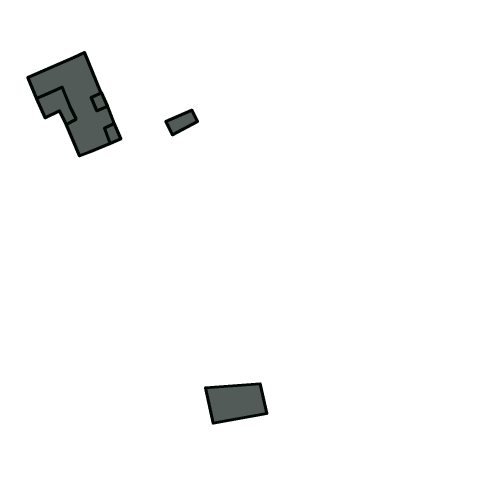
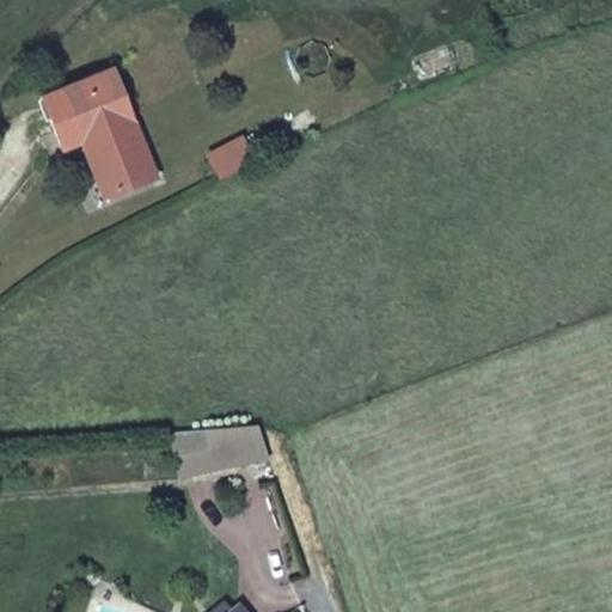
building: [205,384,267,423] -> [188,426,264,475]

